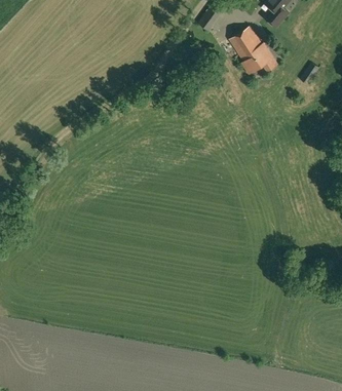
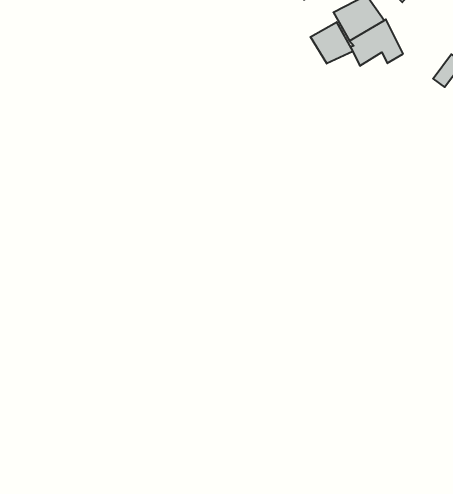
building: none -> [310,22,353,64]

